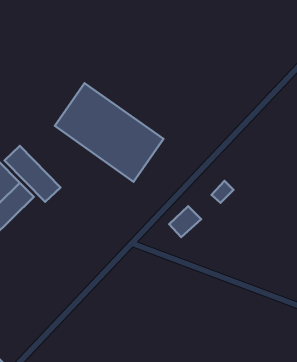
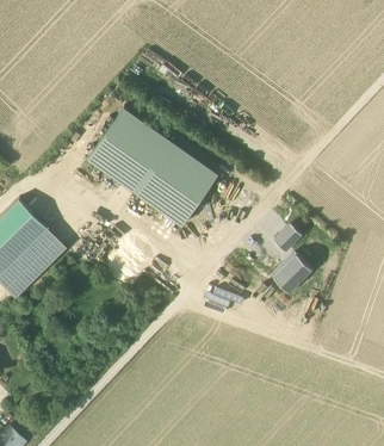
building: [5,146,60,202] -> none
building: [169,206,201,237] -> [274,255,312,292]

